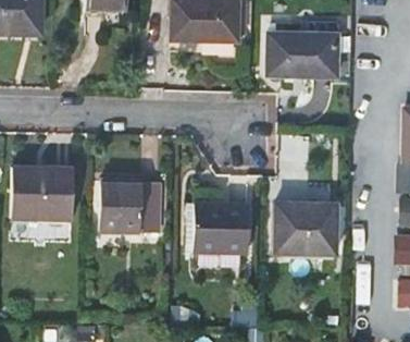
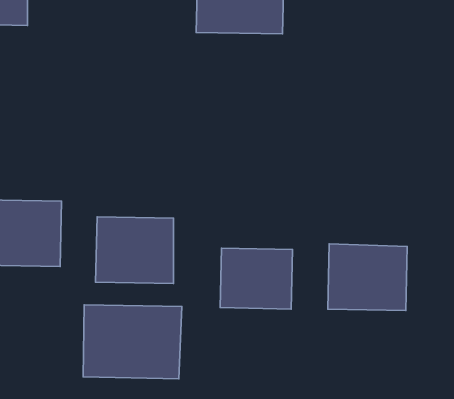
building: [269,33,337,75] -> none
building: none -> [83,305,182,379]

